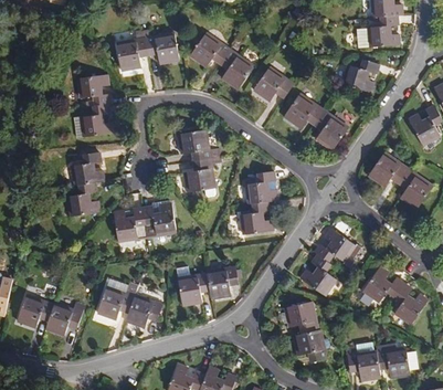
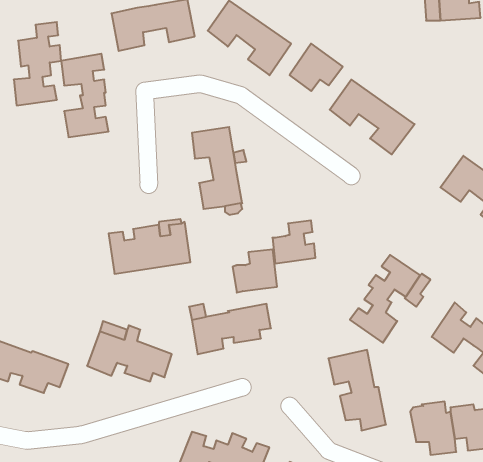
building: [340,59,380,93] -> none
building: [67,151,104,215] -> [14,22,61,105]
building: [244,171,278,204] -> [233,249,277,293]

